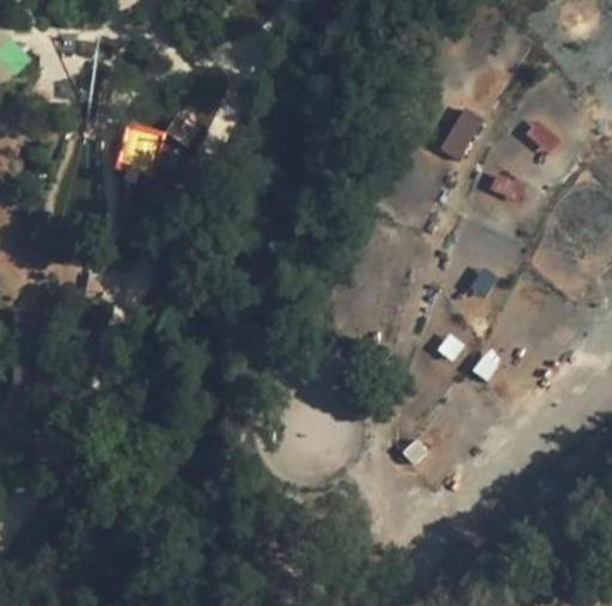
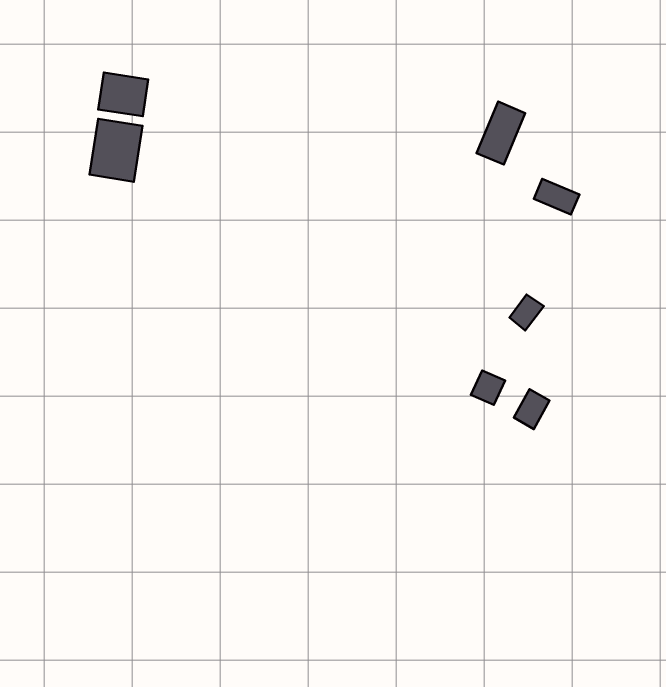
building: none -> [98,73,148,116]

